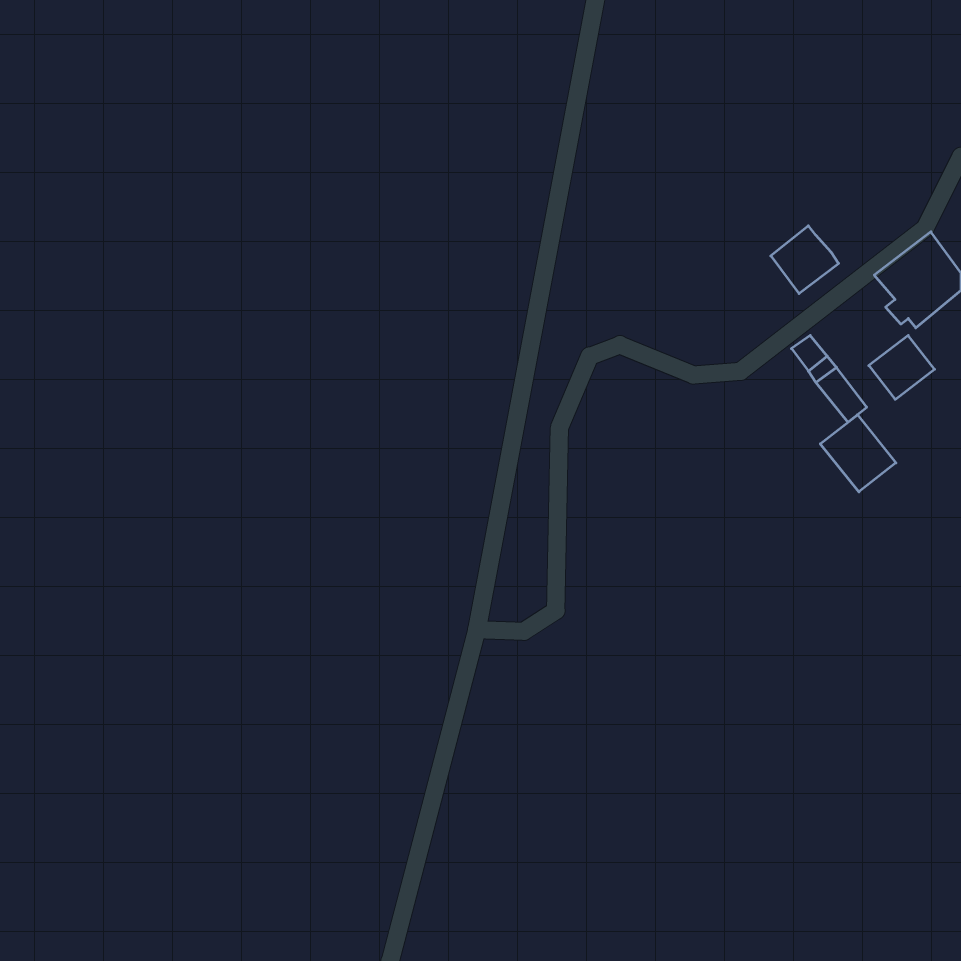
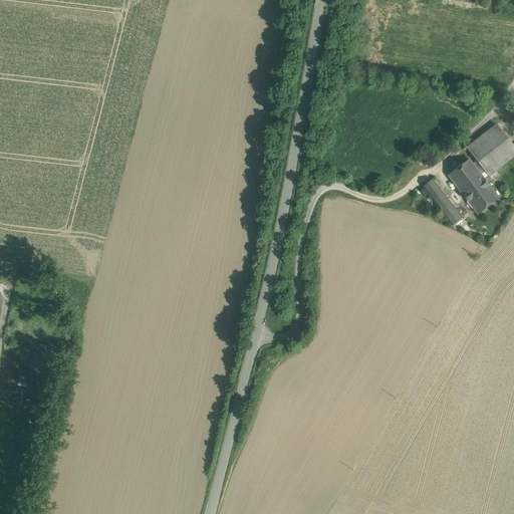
building: [771,226,839,294] -> [448,159,484,195]
building: [820,415,896,492] -> none

